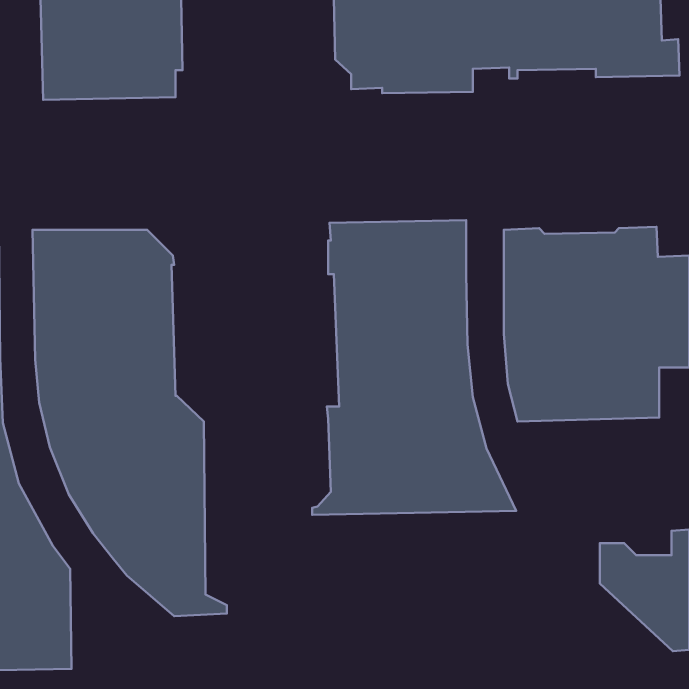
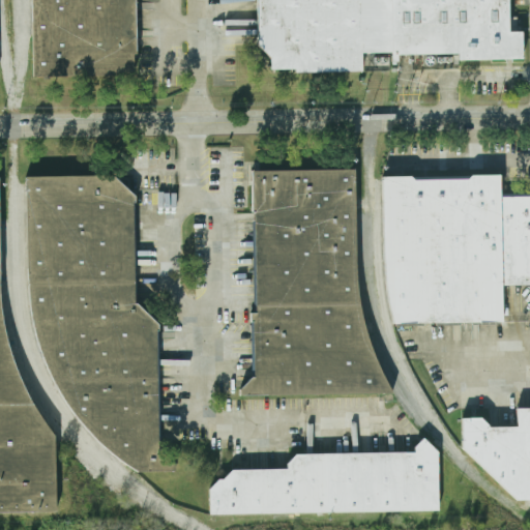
building: none -> [208,438,439,513]

